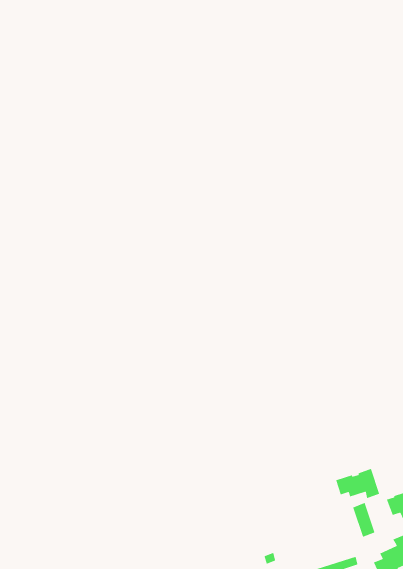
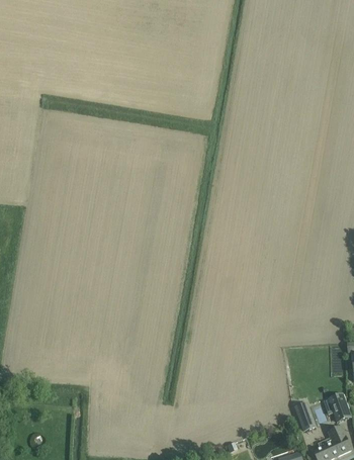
building: [335,468,380,499] -> none

